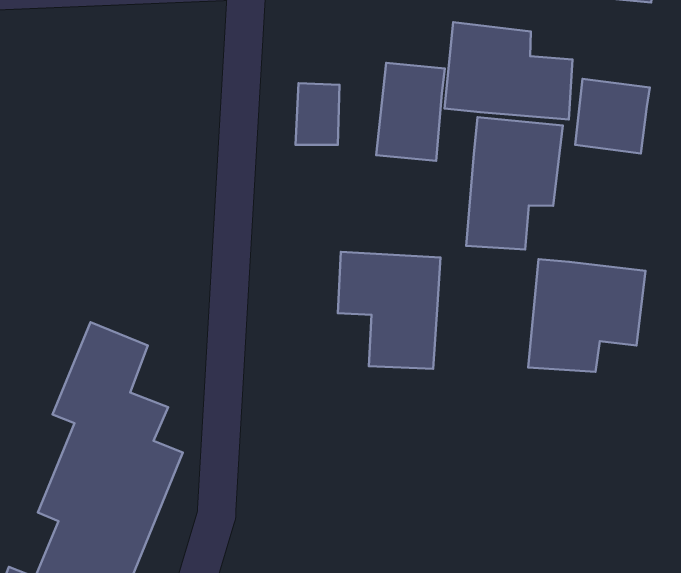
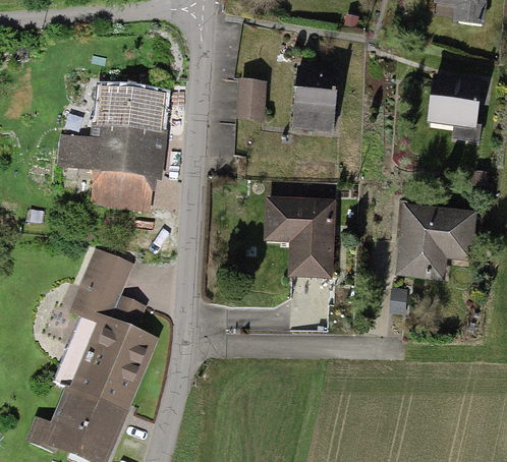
building: [445,22,573,119] -> none
building: none -> [55,84,168,208]
building: [466,117,563,250] -> none

